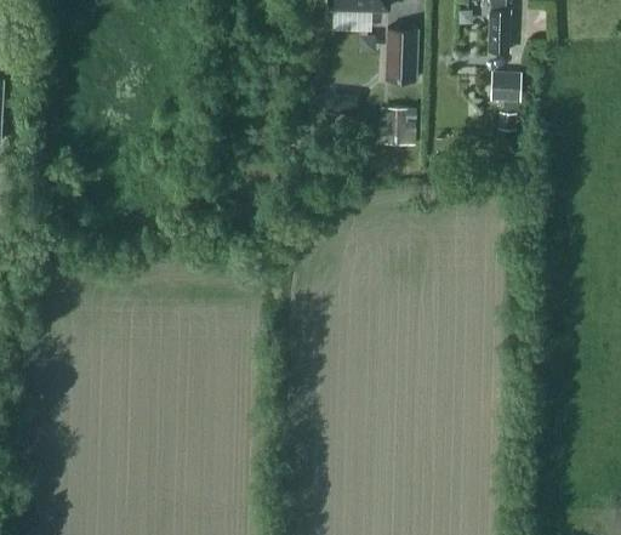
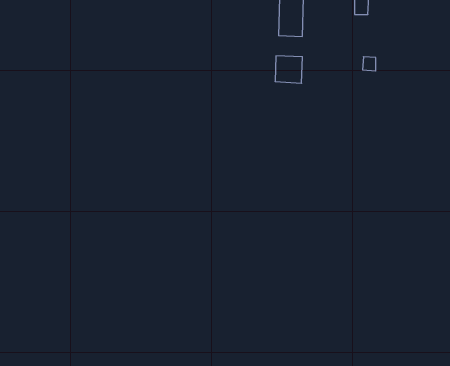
building: [490,72,520,102] -> none

